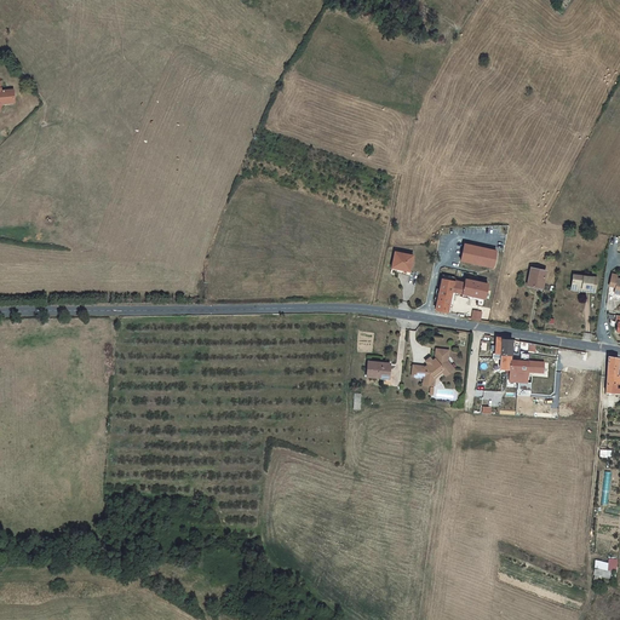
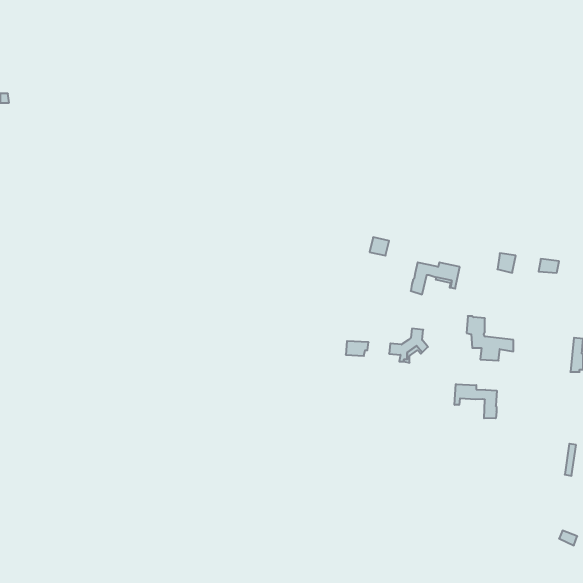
building: [461,245,498,269] -> none
building: none -> [455,384,497,418]

